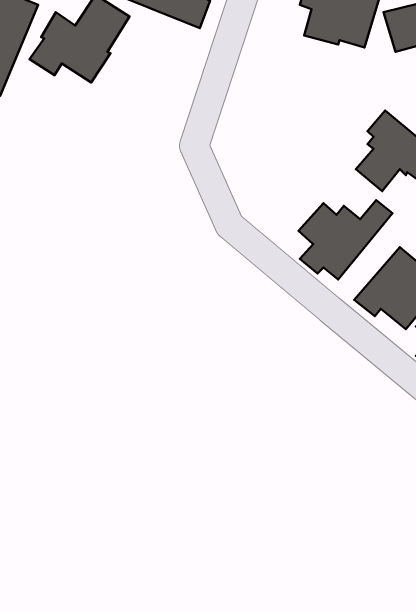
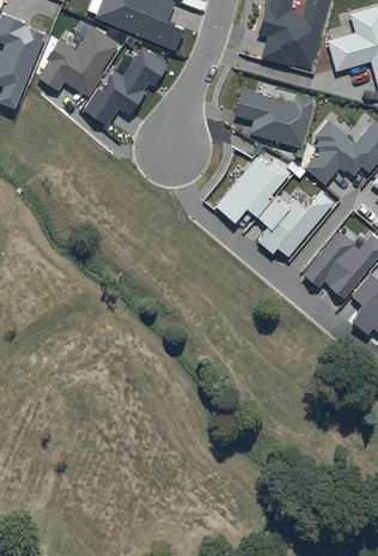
building: none -> [84,48,169,125]
building: none -> [234,90,315,149]
building: none -> [215,157,291,223]

